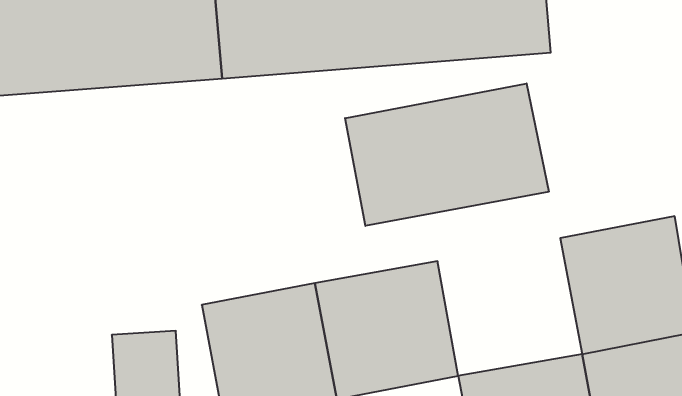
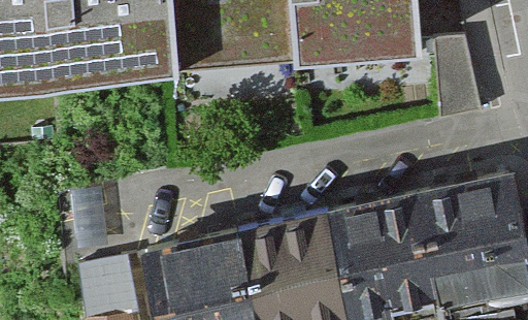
building: [345,83,549,226] -> none
building: none -> [336,199,446,303]

